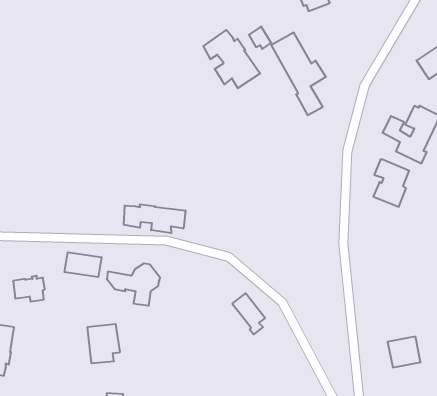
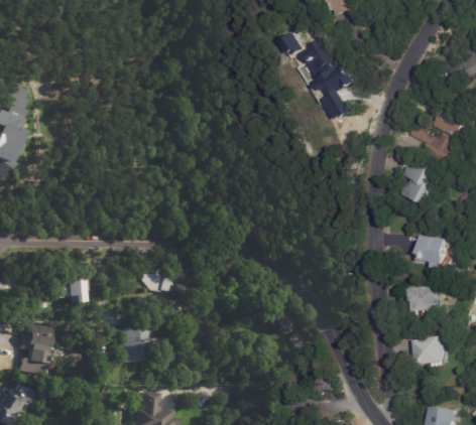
building: [203,30,260,88] -> none
building: [124,204,185,233] -> none
building: none -> [418,235,446,268]
building: [65,252,102,277] -> none
building: none -> [410,285,440,311]

